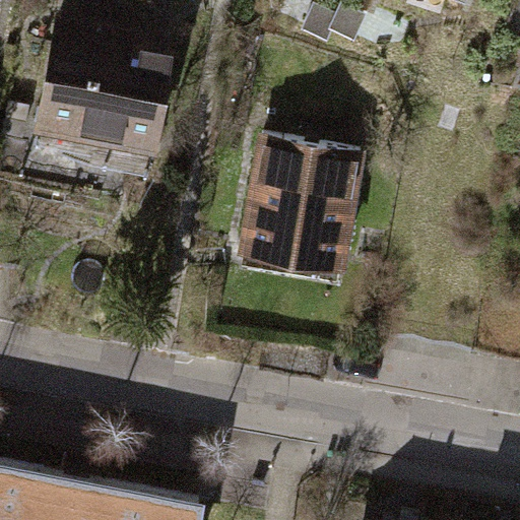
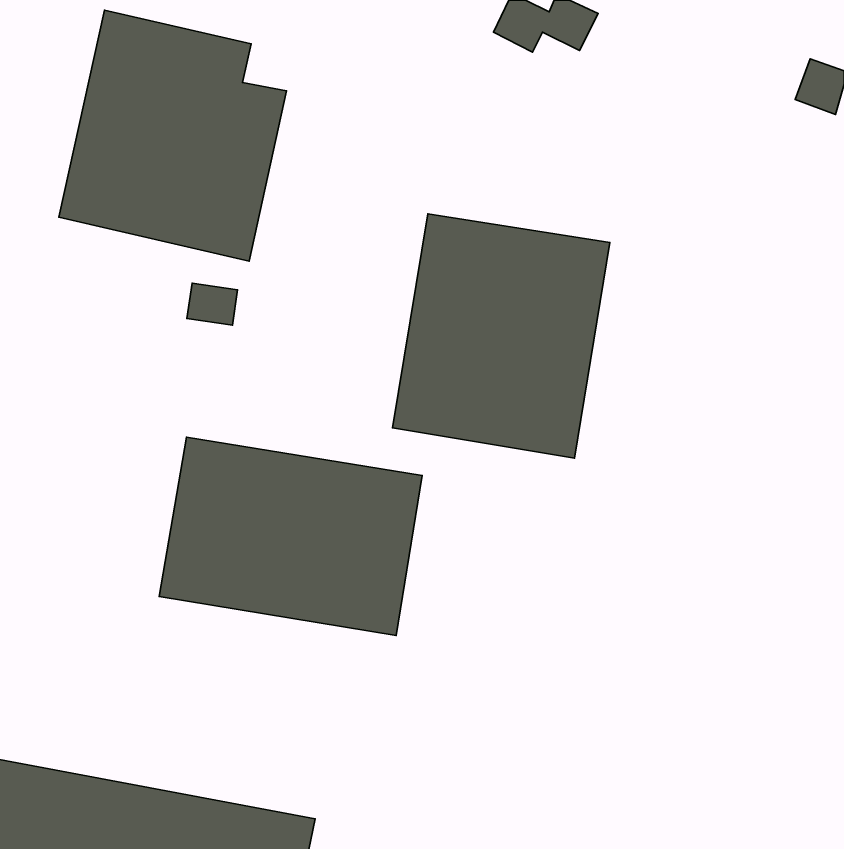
building: none -> [159,437,422,635]

